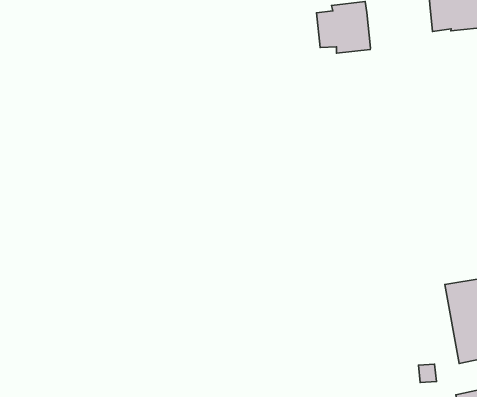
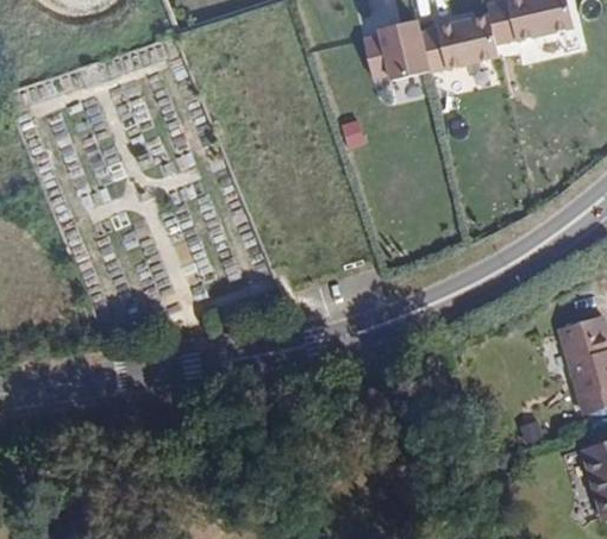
building: none -> [423,13,501,71]

